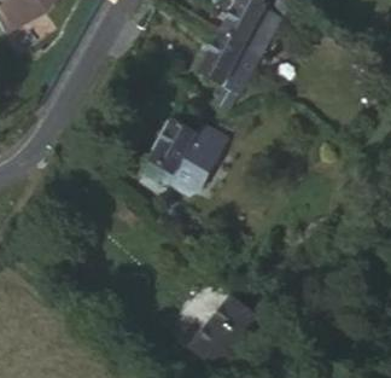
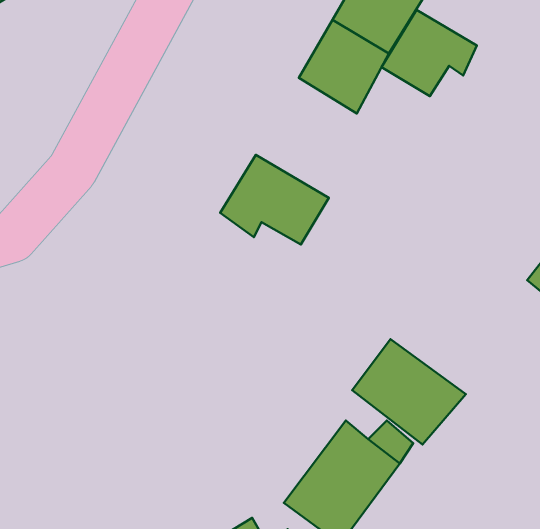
building: none -> [382,10,477,96]
building: none -> [352,339,466,445]

